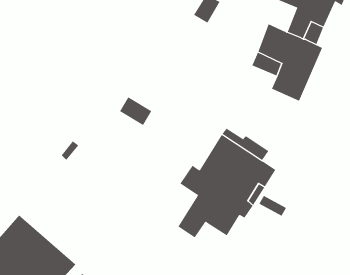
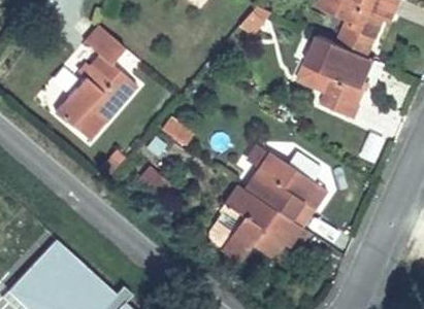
building: none -> [55,26,135,142]

